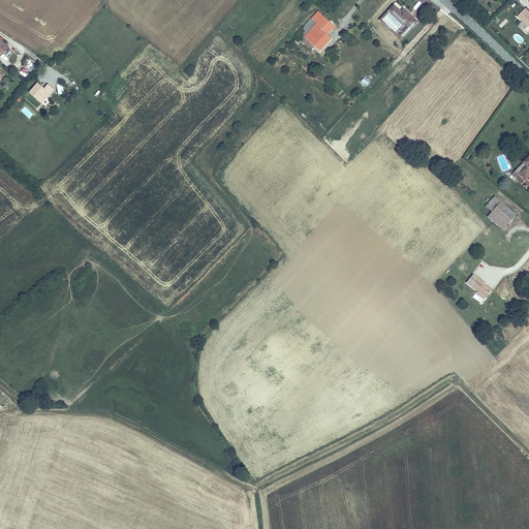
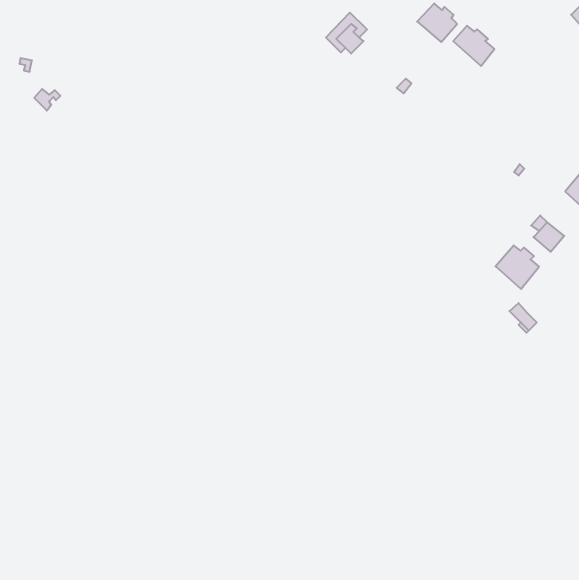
building: none -> [453,26,494,66]
building: none -> [495,245,539,289]

